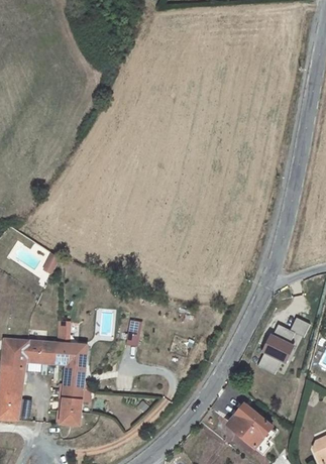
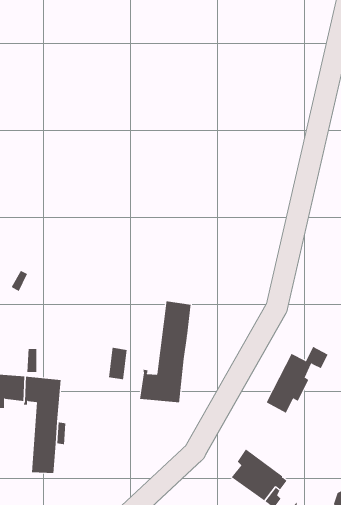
building: none -> [140,301,191,403]

